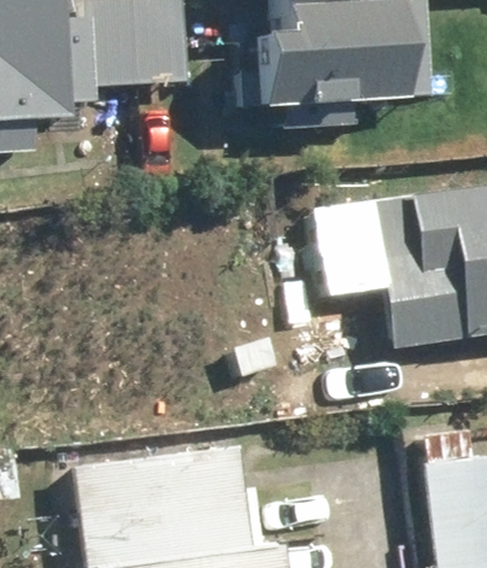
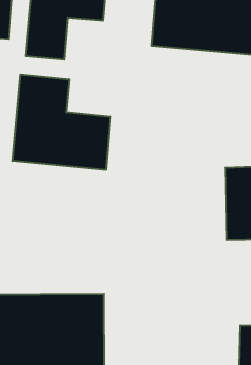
building: none -> [13,75,110,170]

